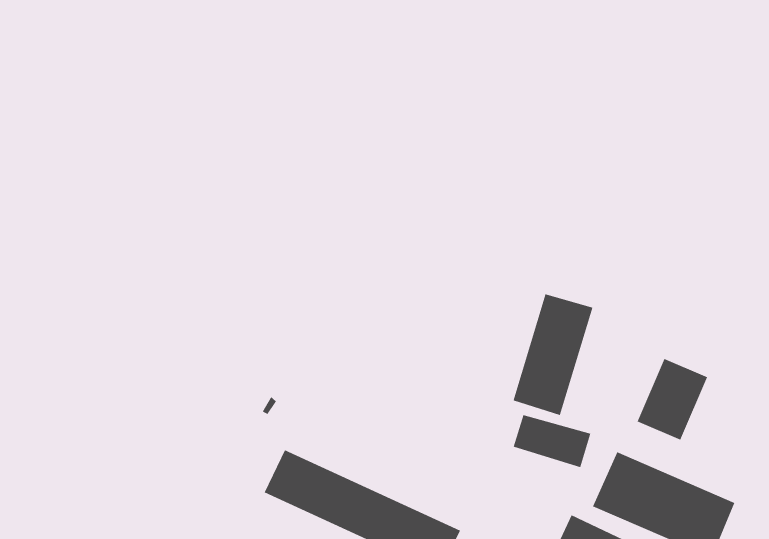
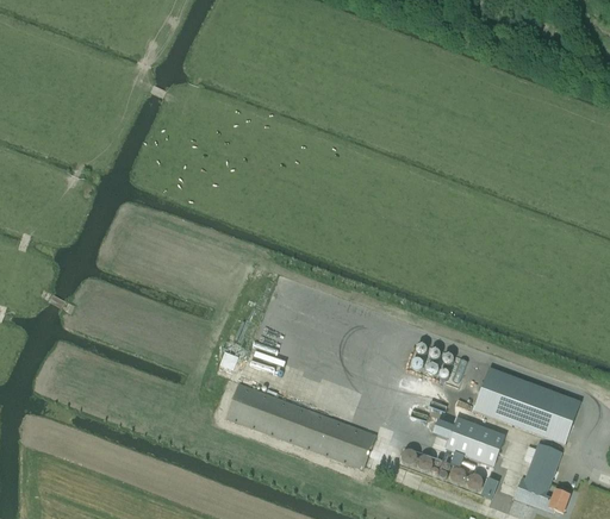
building: [513,293,593,416] -> none
building: [637,358,708,441] -> none

